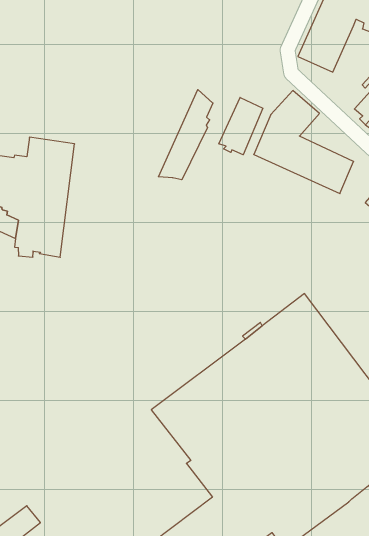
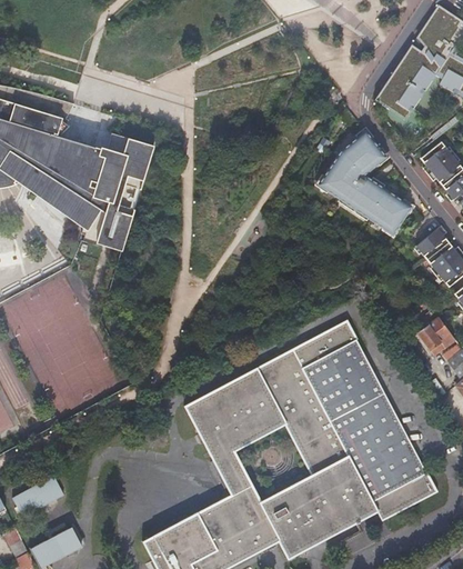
building: [158,90,213,180] -> none
building: [219,97,263,155] -> none

